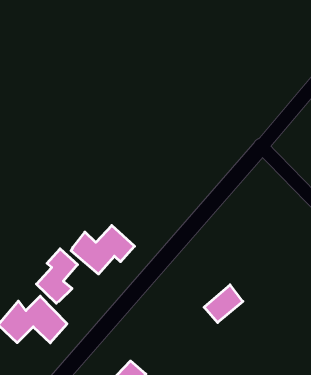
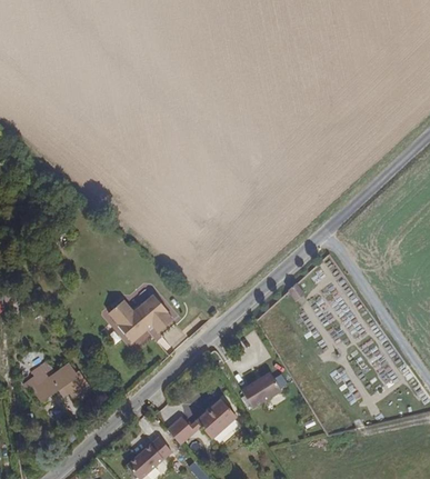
building: [36,249,78,303] -> none
building: none -> [166,399,236,443]

